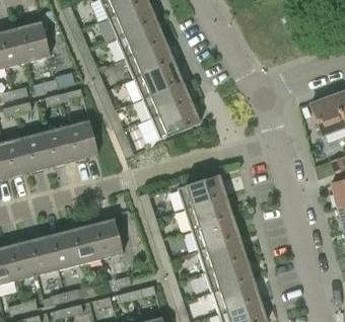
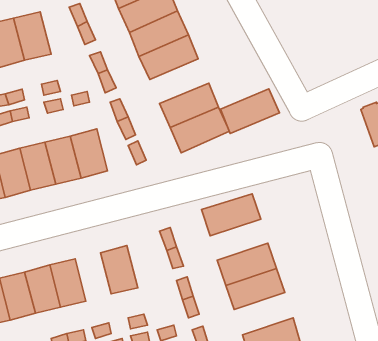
building: [134,61,184,98] -> [221,89,280,133]
building: [185,195,233,230] -> none
building: [71,224,101,264] -> none
building: [205,257,255,293] -> none

